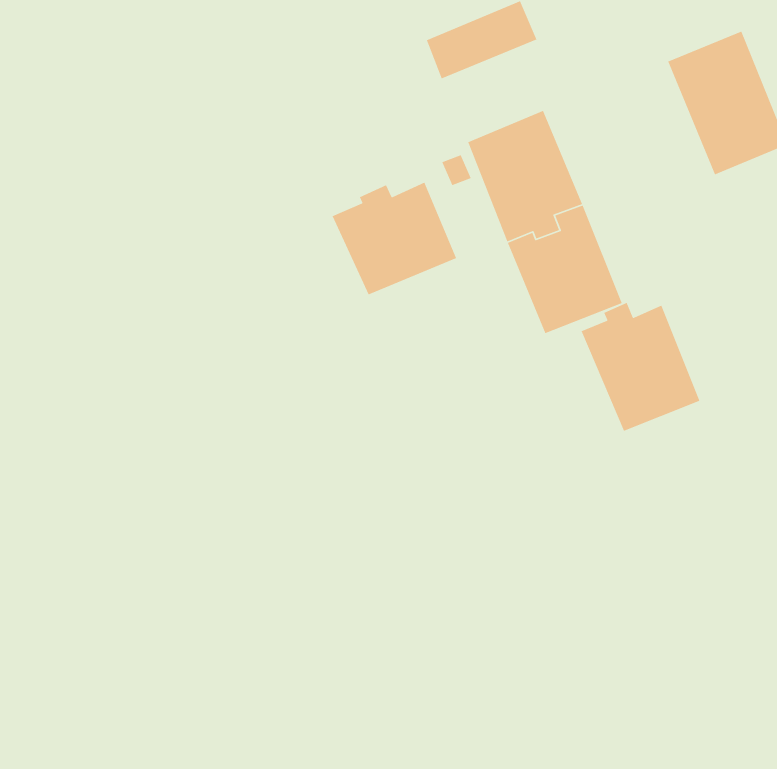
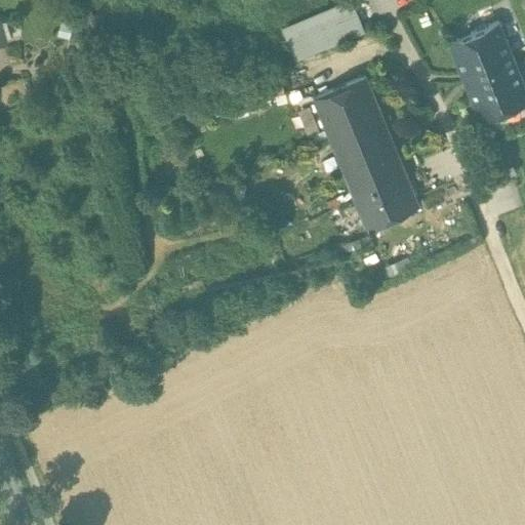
building: [332,182,457,296] -> none
building: [580,302,700,432] -> none

